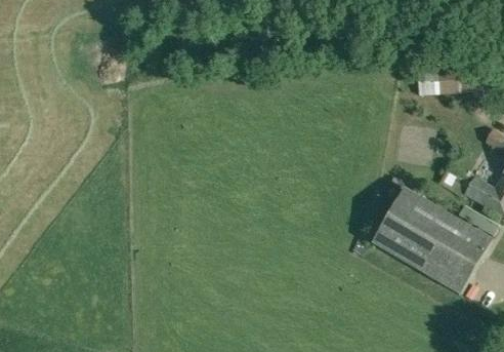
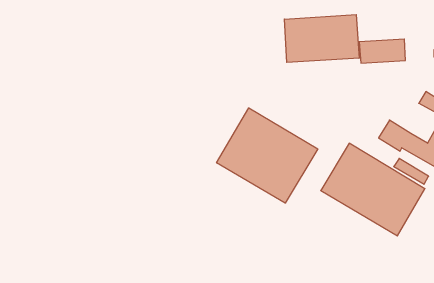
building: none -> [284,15,359,62]
building: none -> [217,108,318,203]

